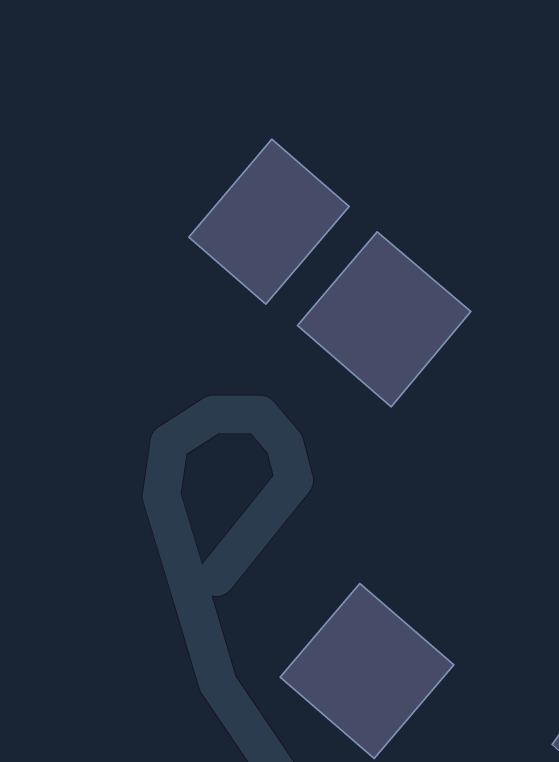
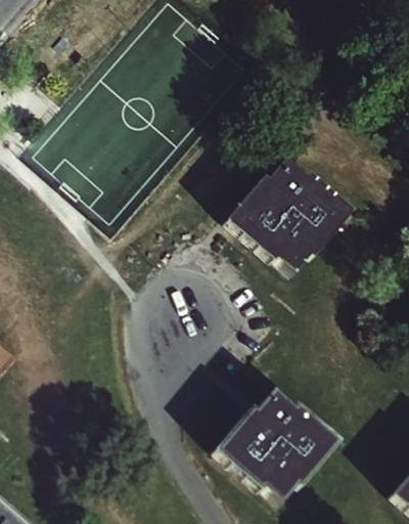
building: [189,139,349,304] -> none

